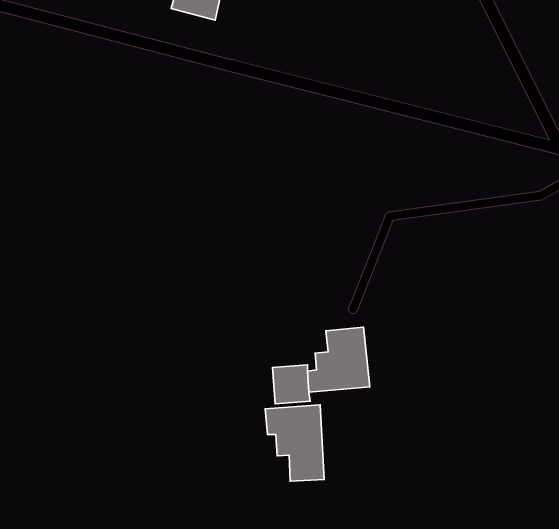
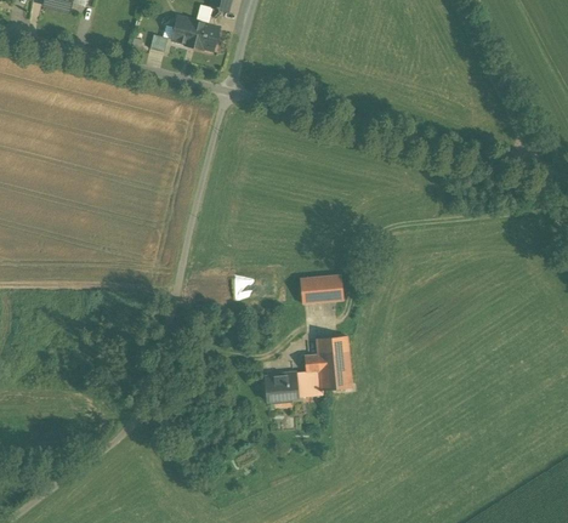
building: none -> [299,273,342,303]
building: [265,405,324,481] -> none

